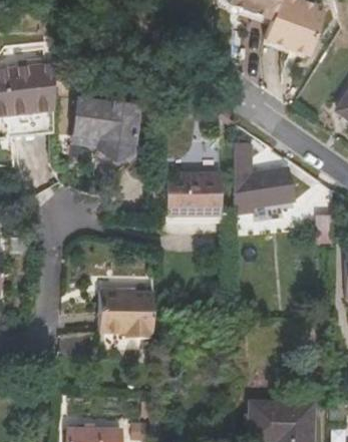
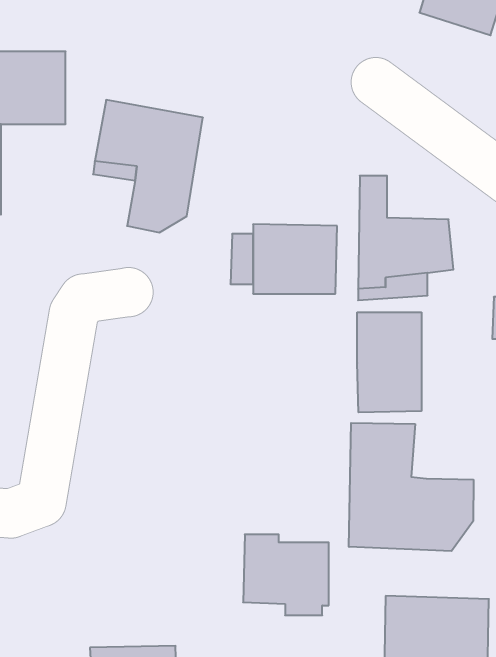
building: none -> [357,312,421,412]
building: [101,279,154,329] -> [243,534,329,615]
building: none -> [349,423,473,551]

